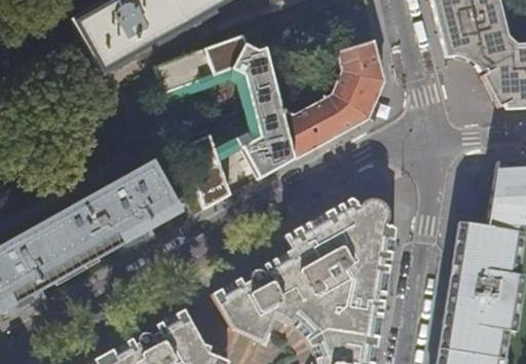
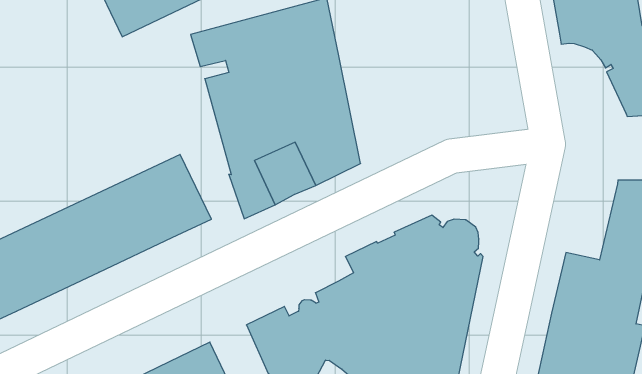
building: [271,41,385,159] -> none

